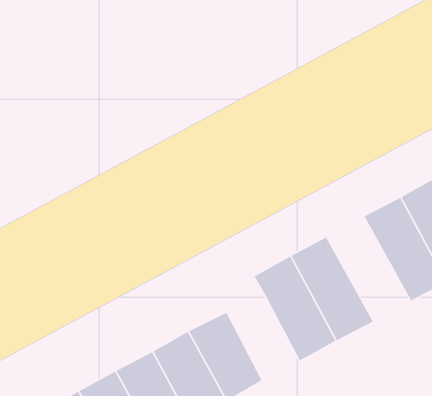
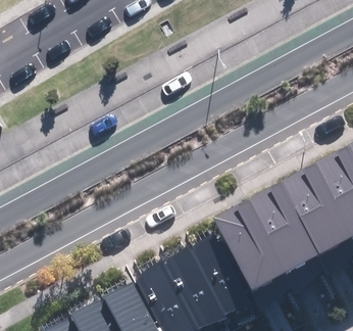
building: none -> [266,179,334,264]
building: none -> [187,241,245,311]

